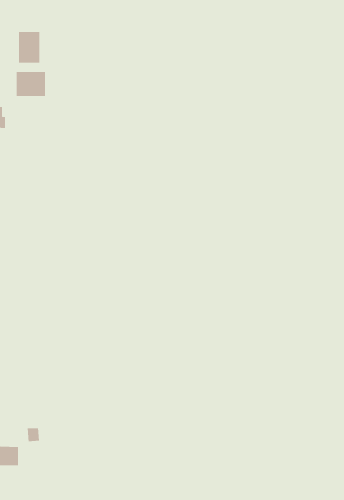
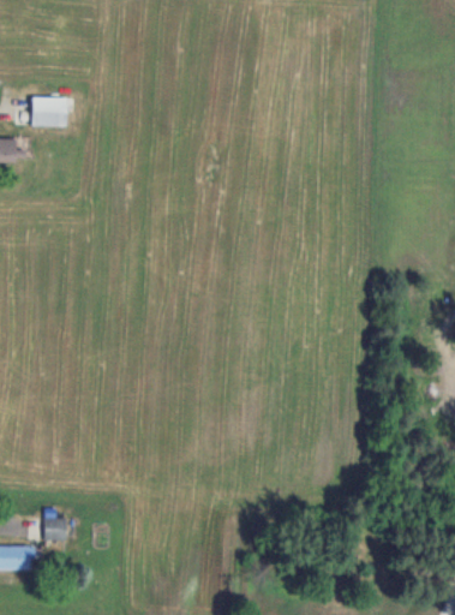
building: [18,31,40,63] -> none

